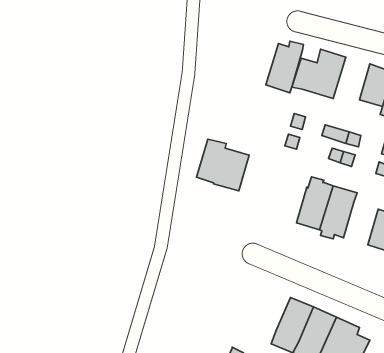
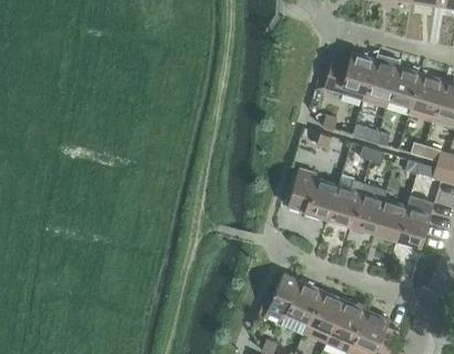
building: [266,41,304,93] -> [363,57,400,107]
building: [196,139,249,191] -> [286,169,337,219]
building: none -> [373,199,406,240]
building: none -> [263,273,322,325]

